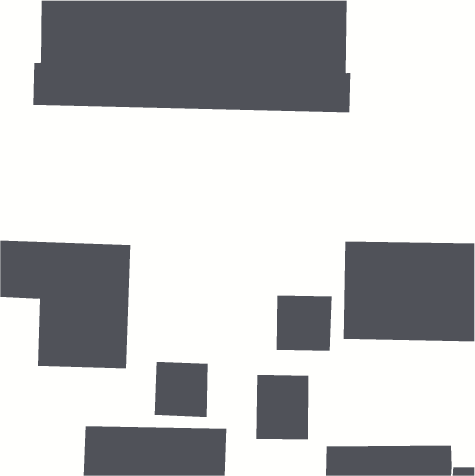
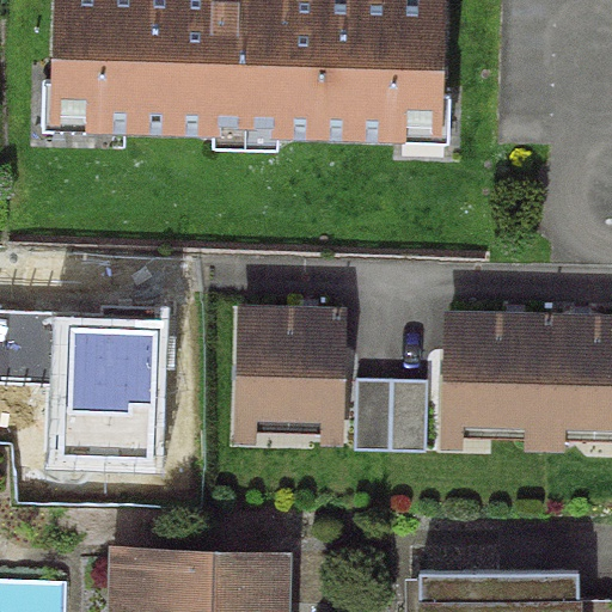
building: none -> [231,302,347,432]
building: [154,361,208,418] -> none
building: [256,374,309,440] -> none

